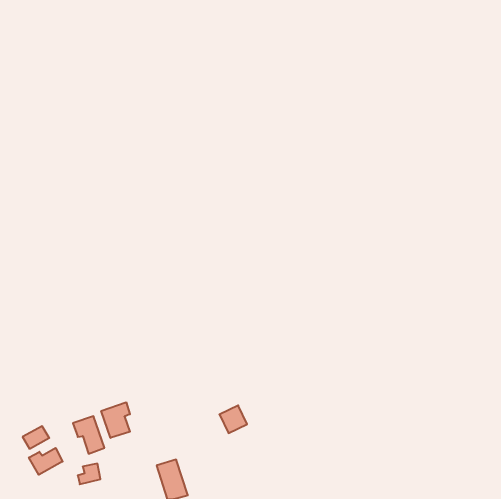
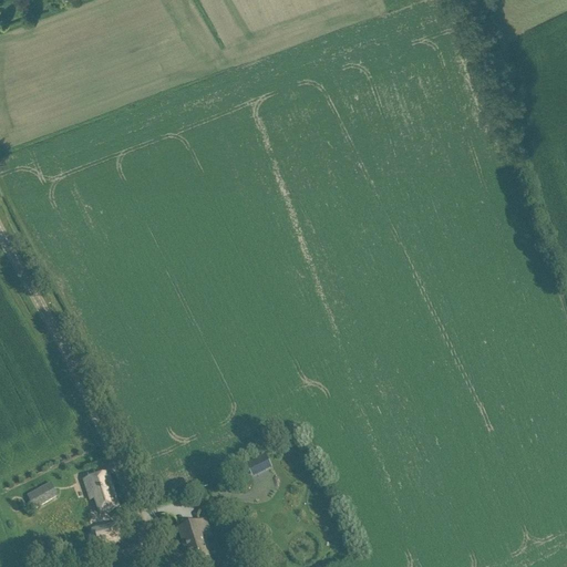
building: [101,402,130,438] -> none
building: [29,448,63,475] -> none

